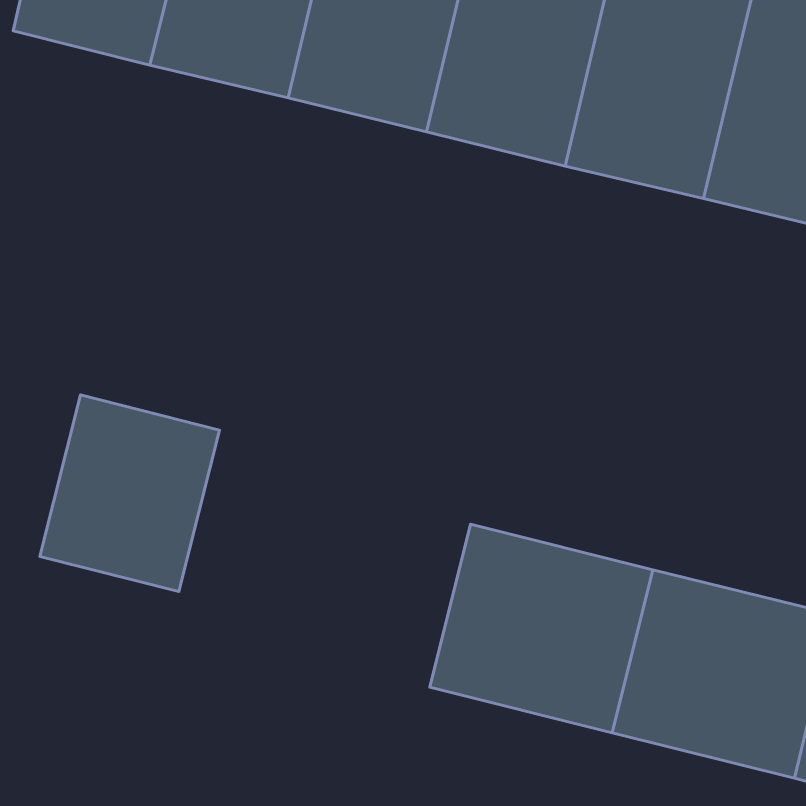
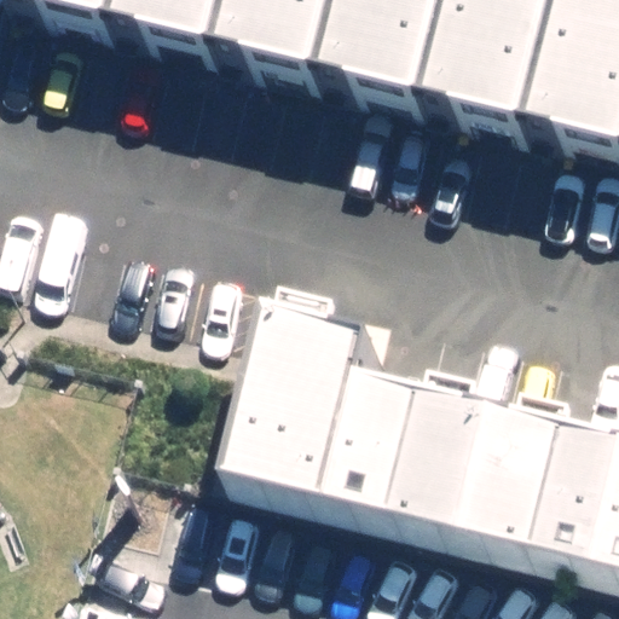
building: [40,395,220,592] -> none
building: none -> [233,325,380,510]

